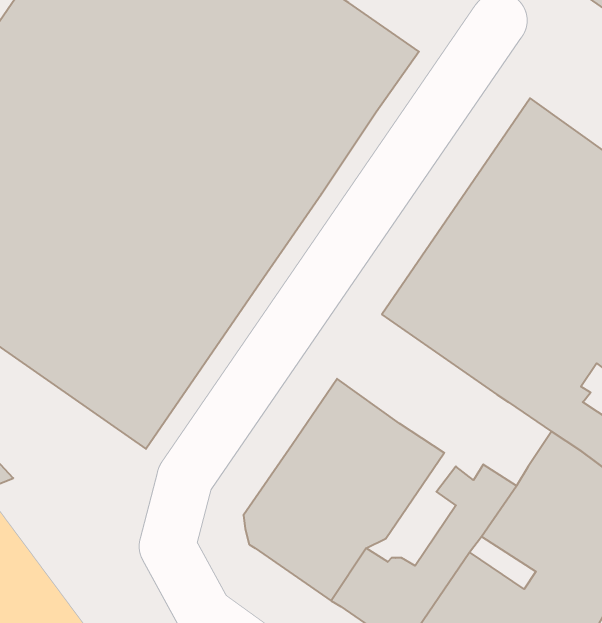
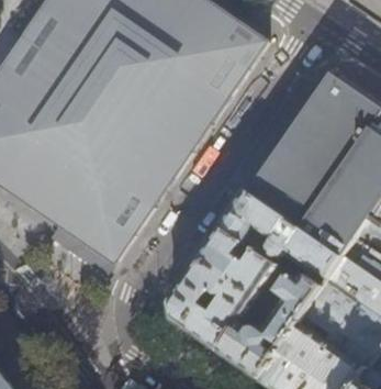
building: none -> [224,186,345,271]

